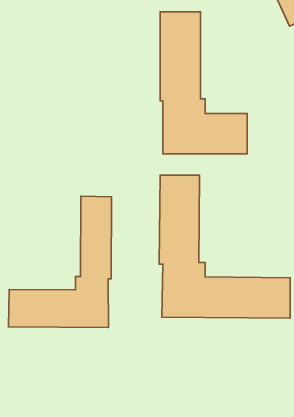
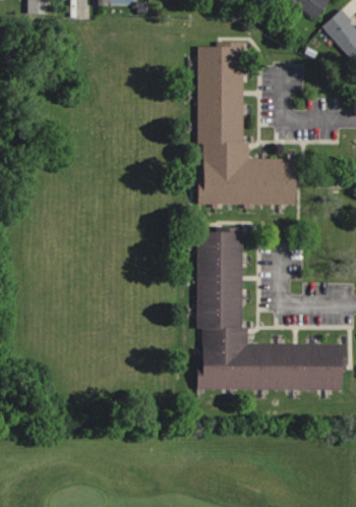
building: [9,196,111,328] -> none

